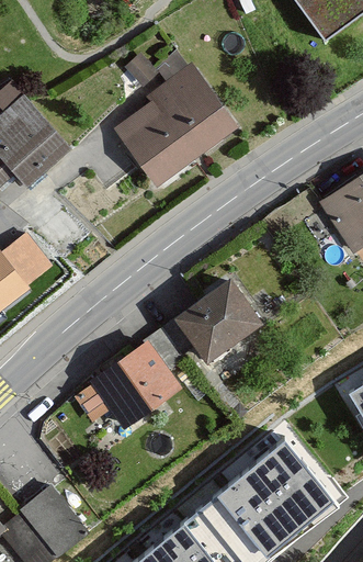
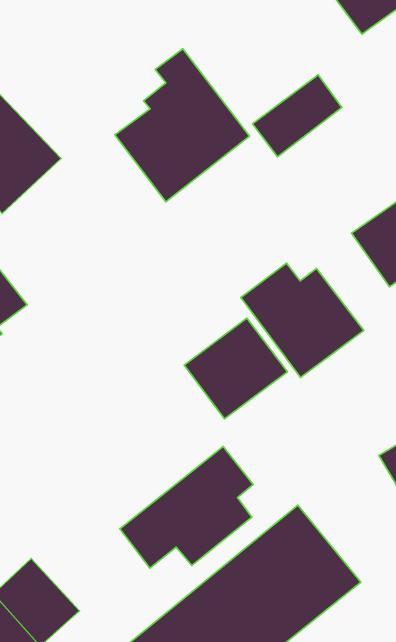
building: none -> [253,75,342,157]
building: none -> [241,263,364,377]
building: [71,325,183,427] -> [120,446,253,568]

